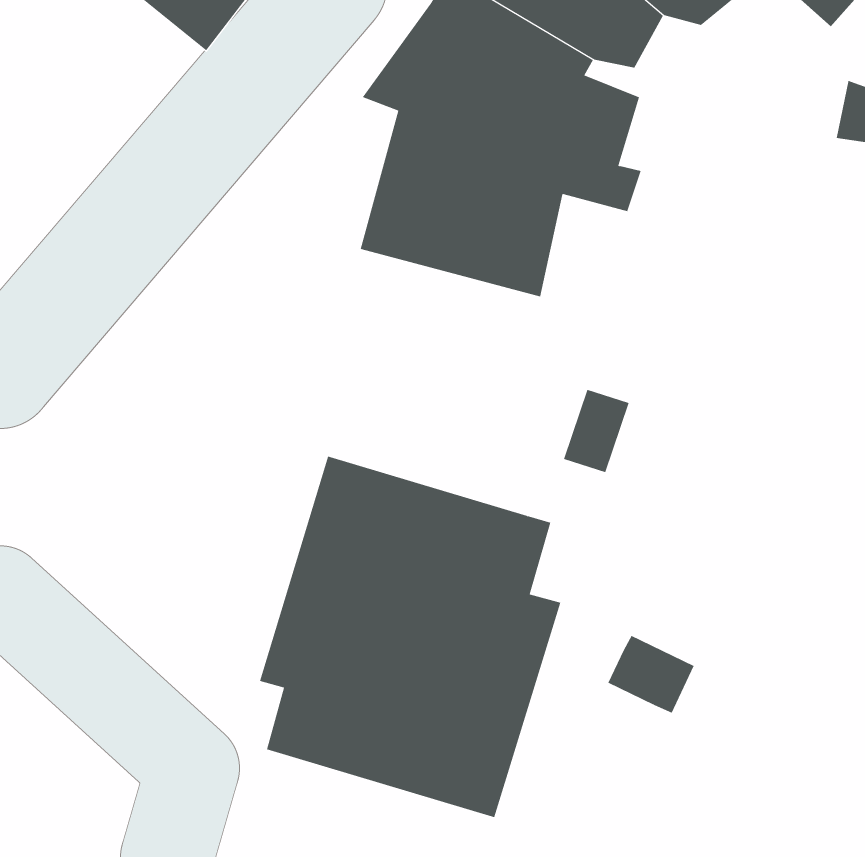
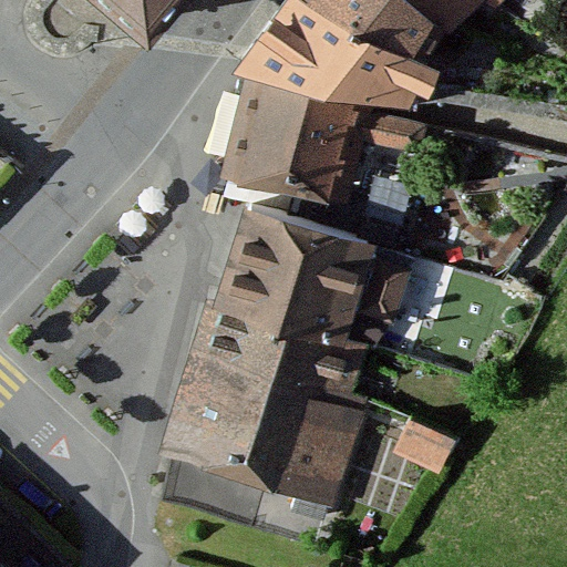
building: none -> [217,199,375,334]

